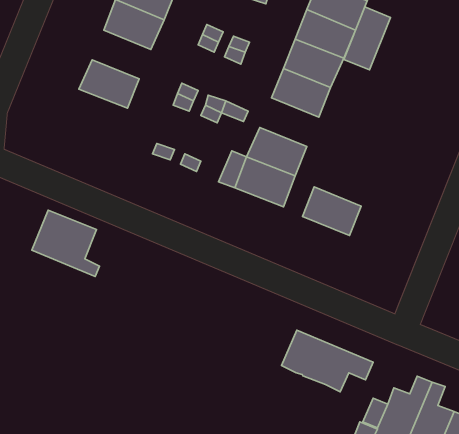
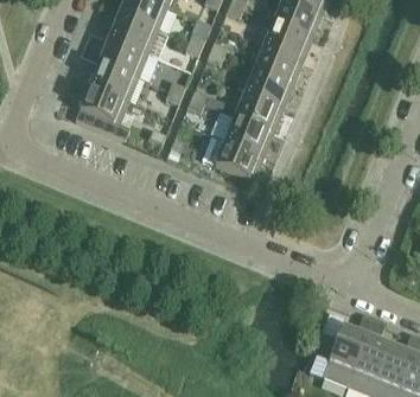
building: [344,7,390,70] -> none
building: none -> [100,37,147,76]
building: [302,187,361,236] -> [235,91,282,130]
building: [32,210,100,277] -> [76,84,131,137]
building: [282,330,373,392] -> none

